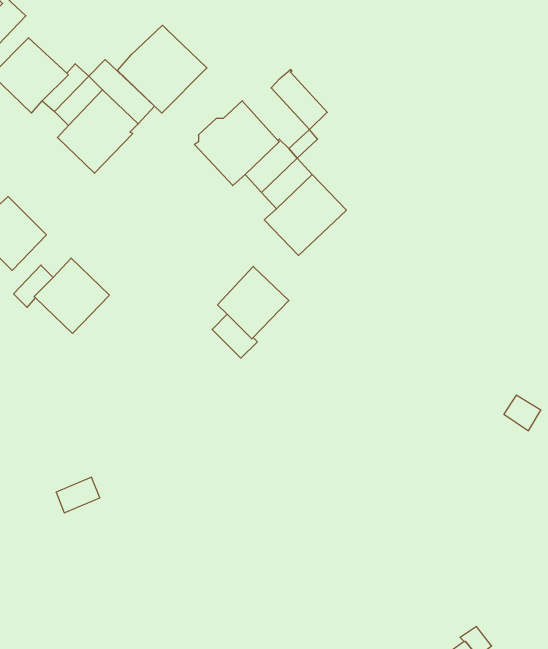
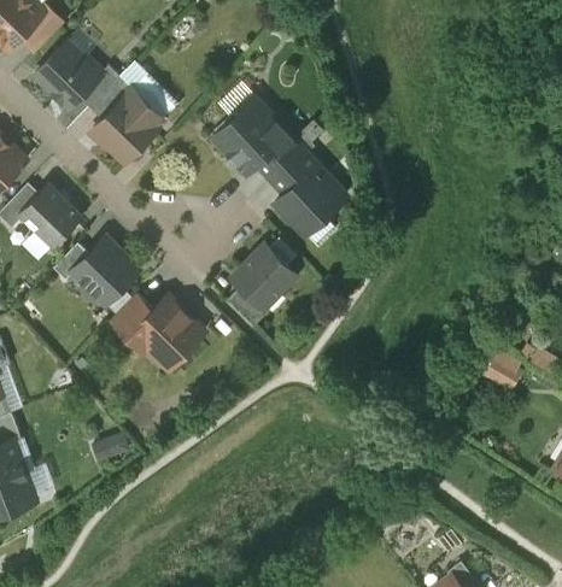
building: [117,25,207,113] -> none
building: [271,69,327,129] -> none
building: none -> [110,294,203,369]

